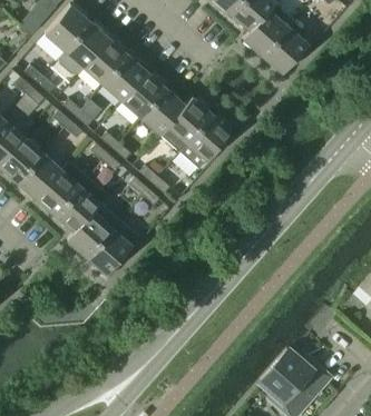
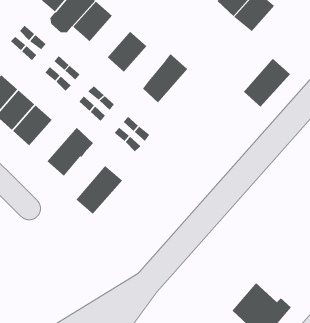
building: [102,56,147,101] -> none
building: [140,89,185,136] -> none
building: [178,115,232,169] -> [242,58,291,107]
building: [36,161,88,216] -> none
building: [67,204,119,258] -> none

